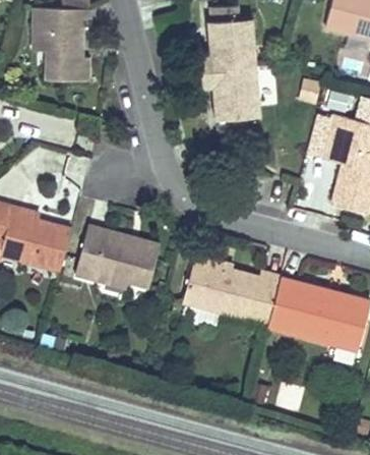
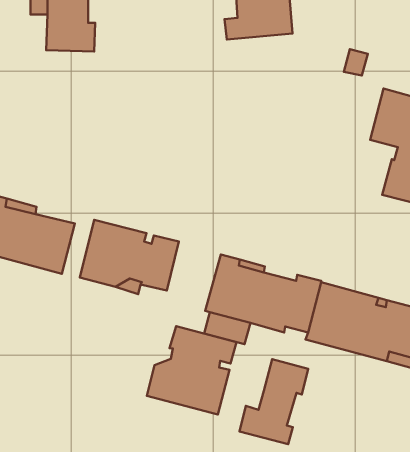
building: [200,65,260,131] -> none
building: none -> [147,326,237,415]
building: none -> [239,359,308,444]

